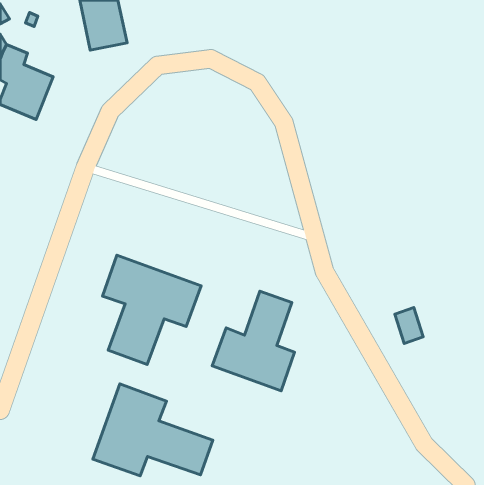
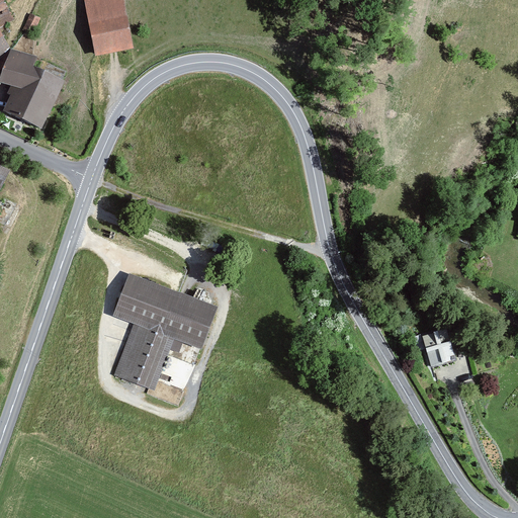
building: [212,291,295,391] -> none
building: [93,384,213,476] -> none

